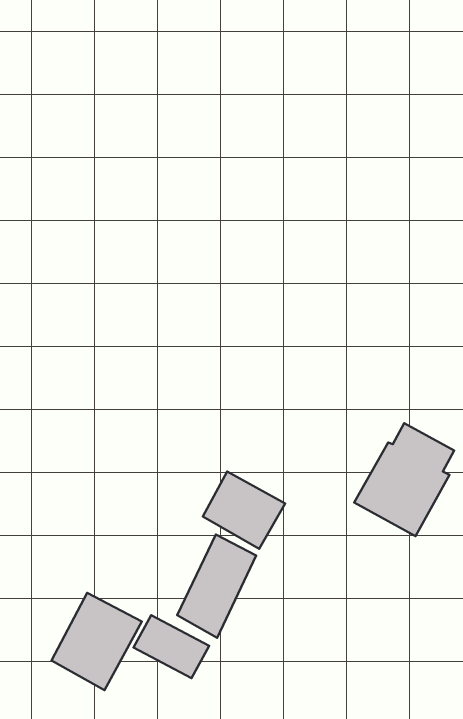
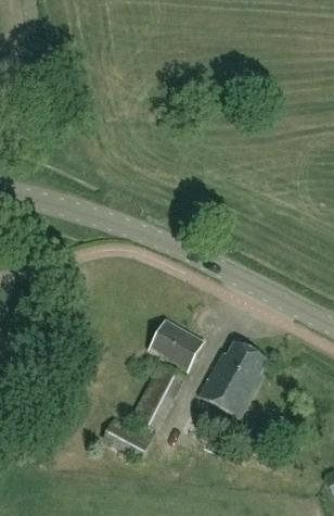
building: [354,423,454,536] -> [198,342,266,418]
building: [52,593,142,690] -> none

